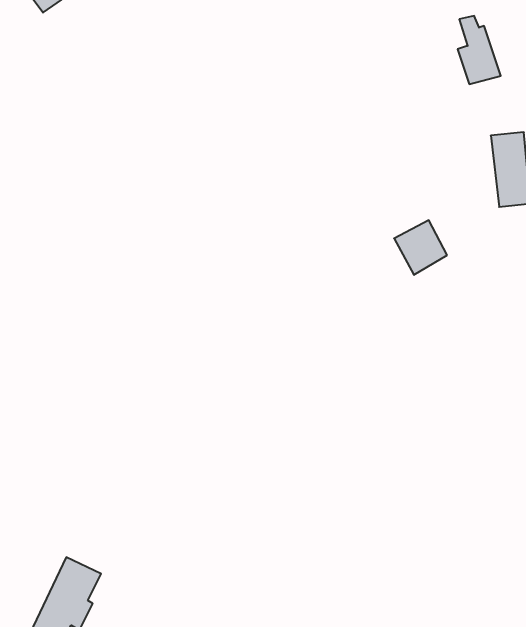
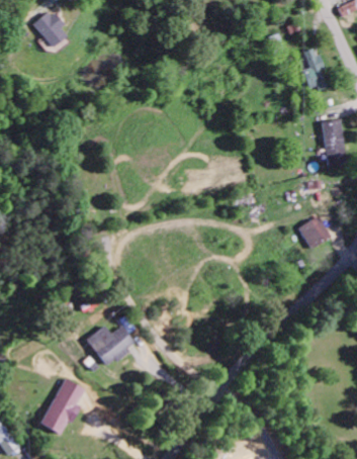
building: [394,220,447,275] -> [299,215,332,249]
building: none -> [86,326,136,365]

